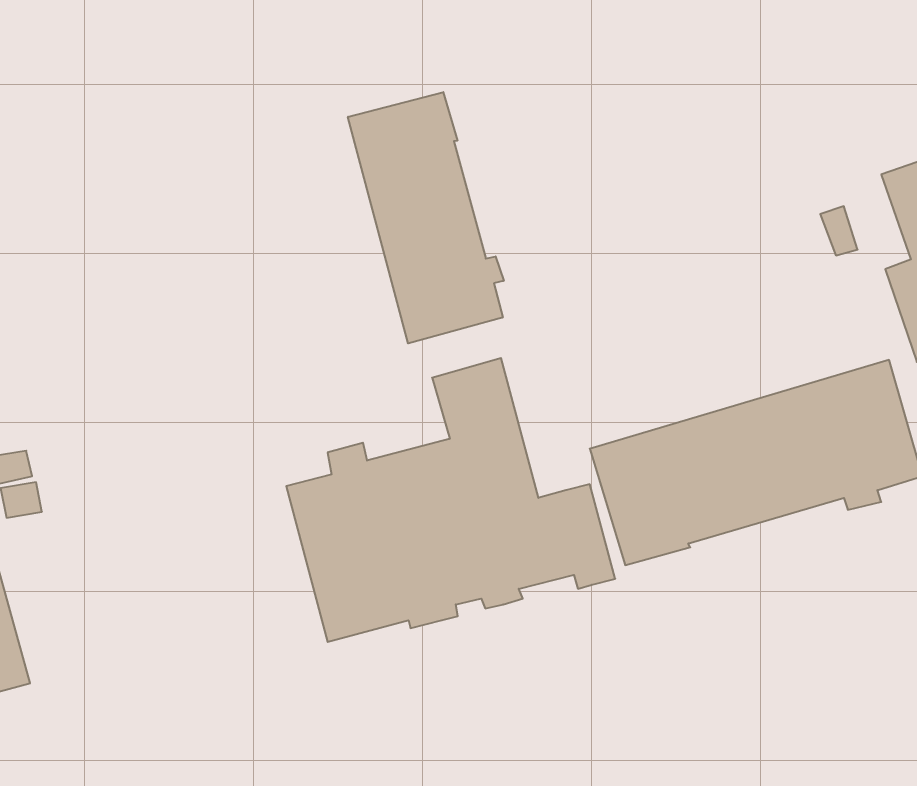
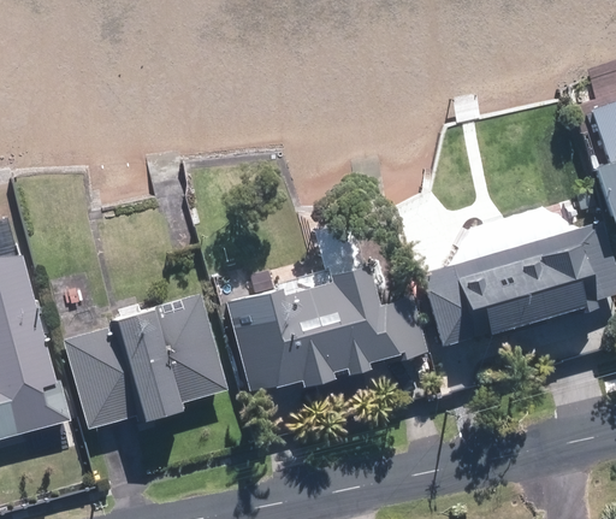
building: [348,92,504,343] -> none
building: none -> [65,296,229,432]

